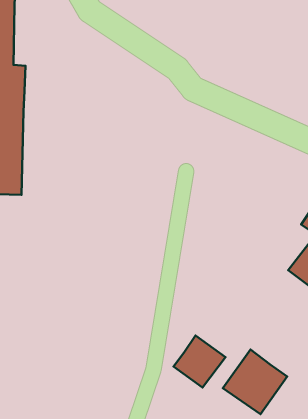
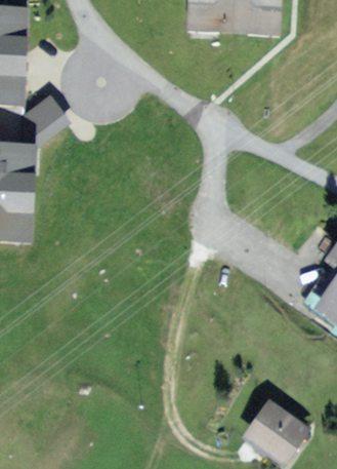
building: [174,336,225,388] -> none

